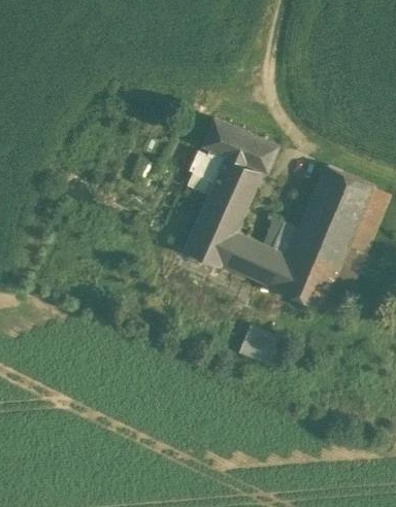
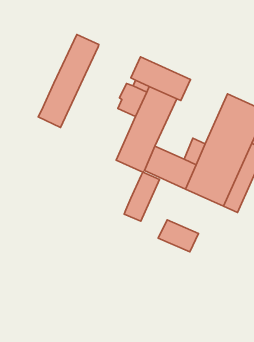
building: none -> [38,34,99,127]
building: none -> [124,172,159,221]

